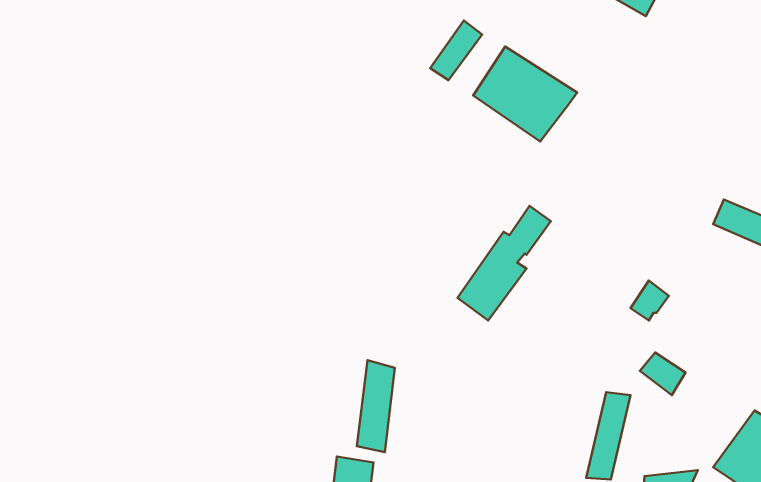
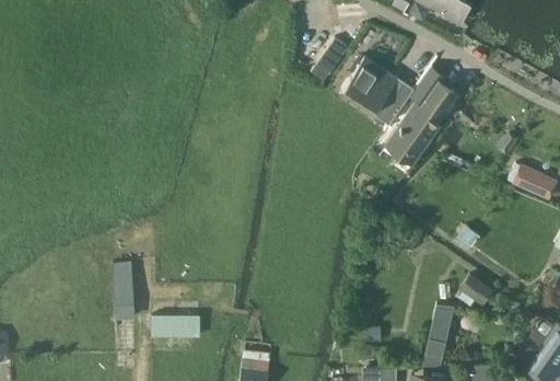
building: [458,206,551,321] -> [389,81,456,163]
building: none -> [114,259,137,319]
building: [357,360,395,452] -> none
building: none -> [152,314,200,336]

